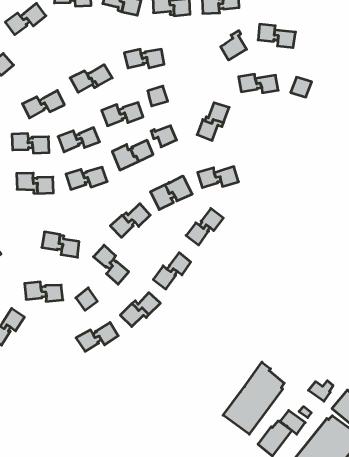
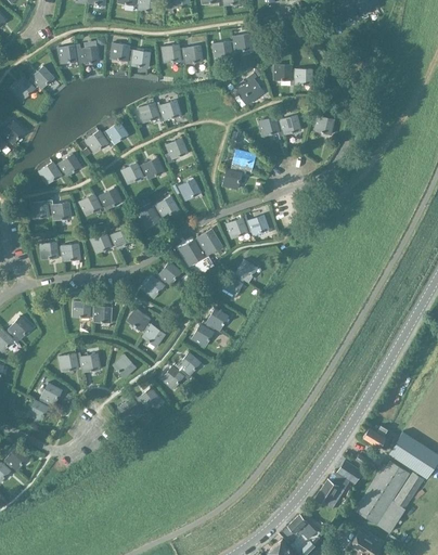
building: [223,362,284,434] -> none

